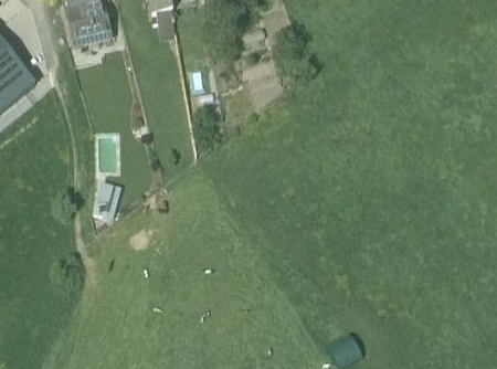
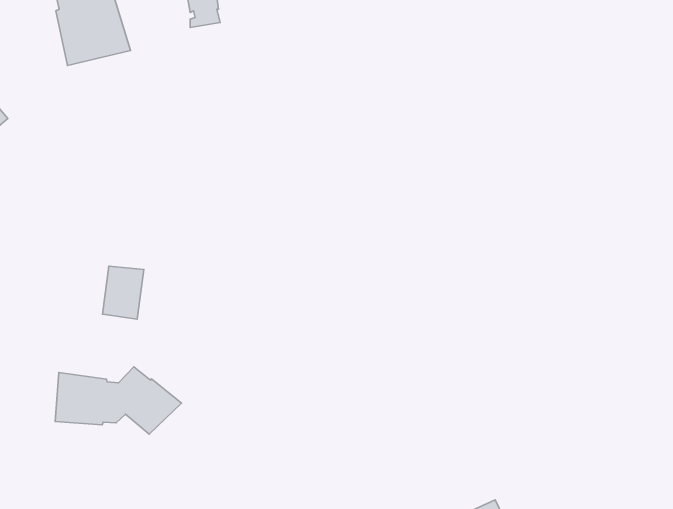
building: none -> [55,367,181,434]

